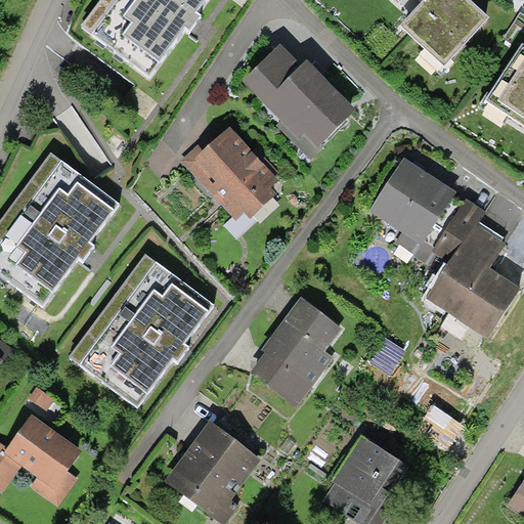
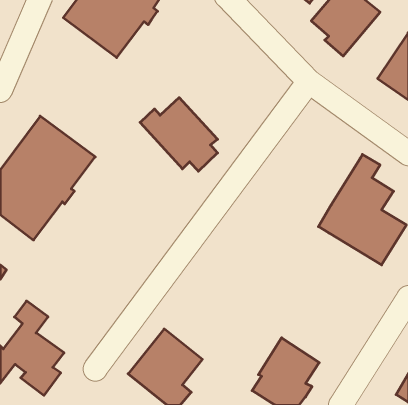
building: [243,44,357,159] -> none
building: [367,157,462,262] -> none
building: [71,251,216,406] -> none
building: [250,297,340,409] -> none

